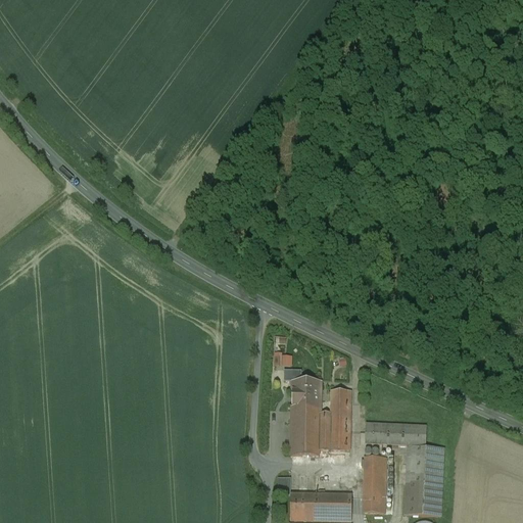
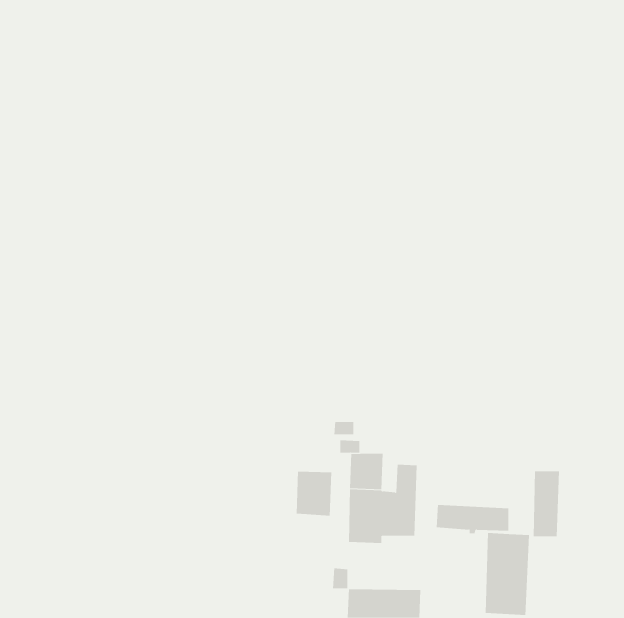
building: none -> [296,471,332,517]
building: [364,456,386,511] -> [533,471,560,537]

